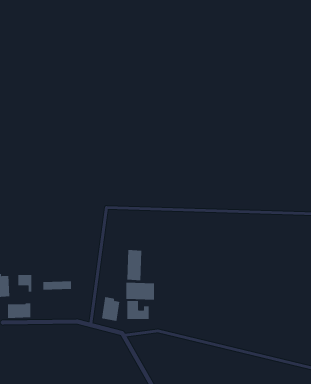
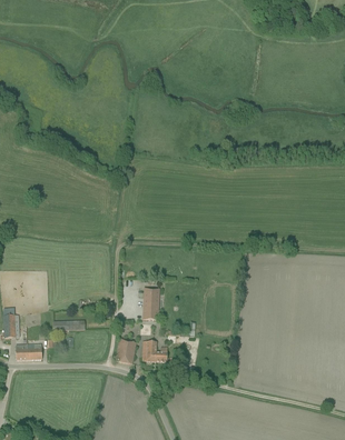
building: [126,282,155,301] -> none

